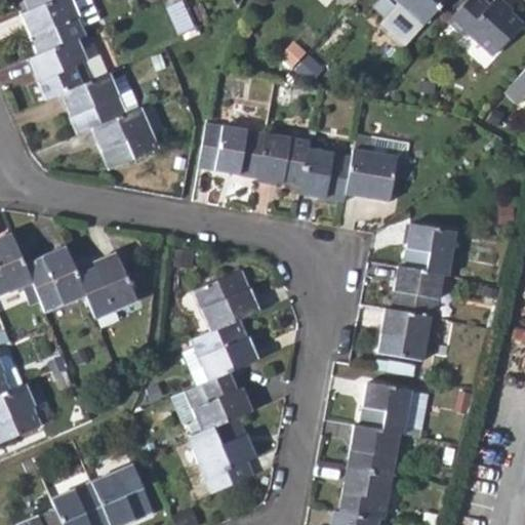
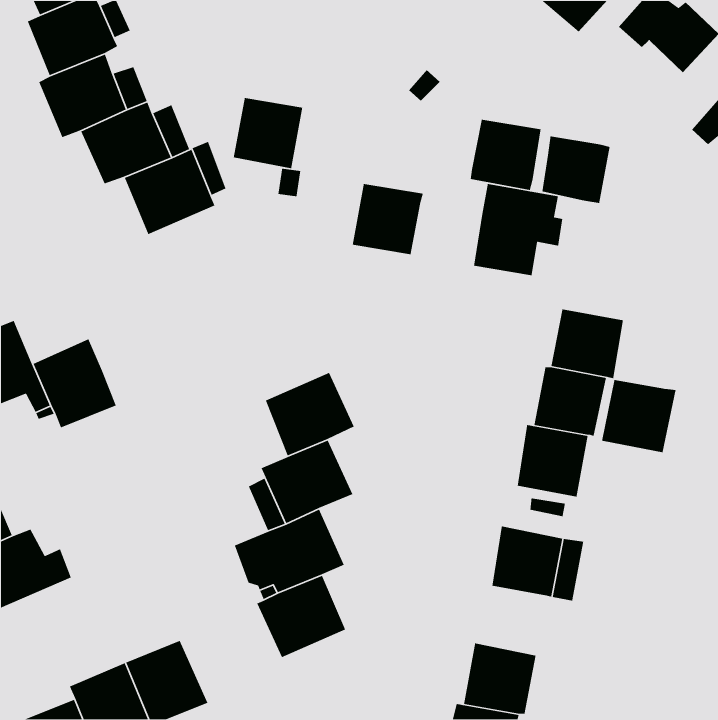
building: none -> [541,135,610,204]
building: [214,126,266,178] -> [233,97,303,169]
building: [299,149,352,201] -> [470,119,542,191]
building: [76,252,136,319] -> none
building: none -> [601,379,676,453]
building: [347,426,399,477] -> none

